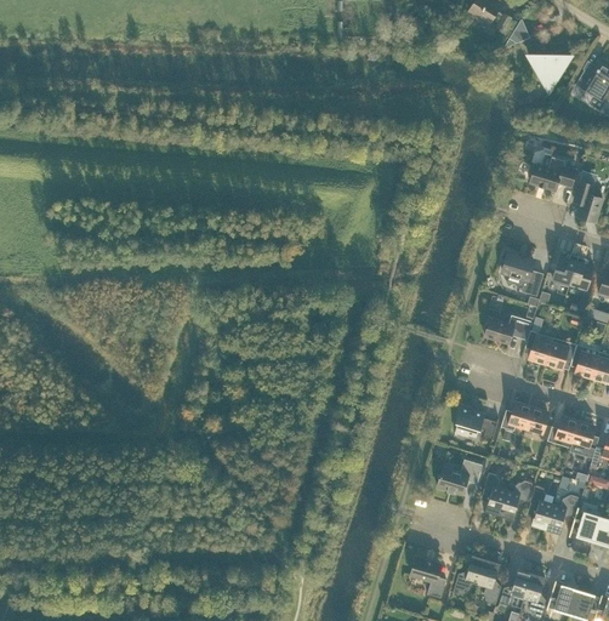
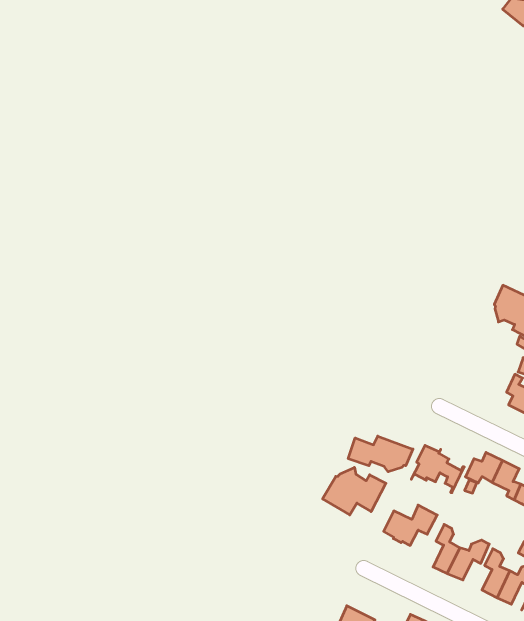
building: [484,317,531,344] -> none
building: none -> [348,436,413,472]
building: none -> [323,467,386,515]

